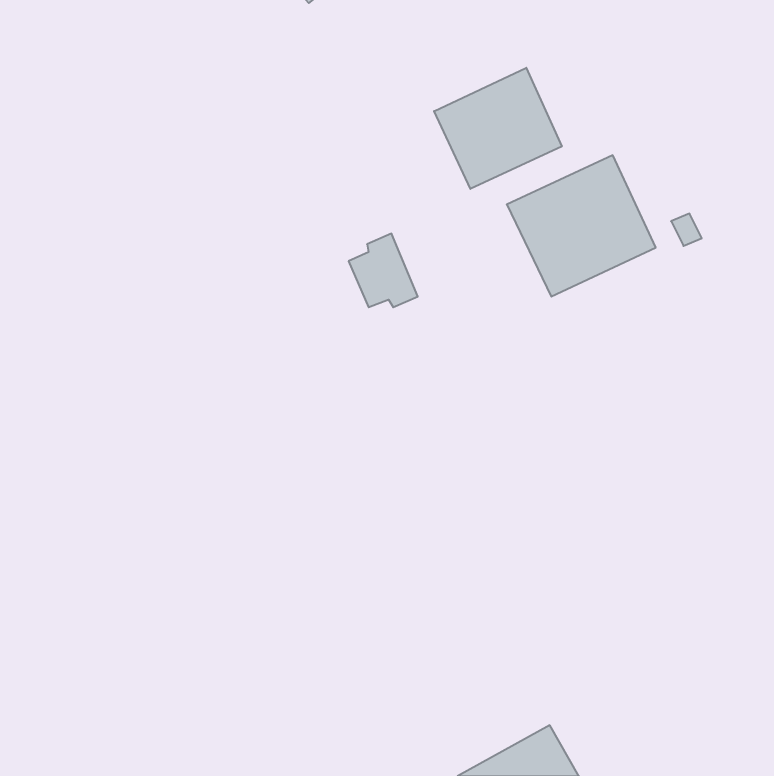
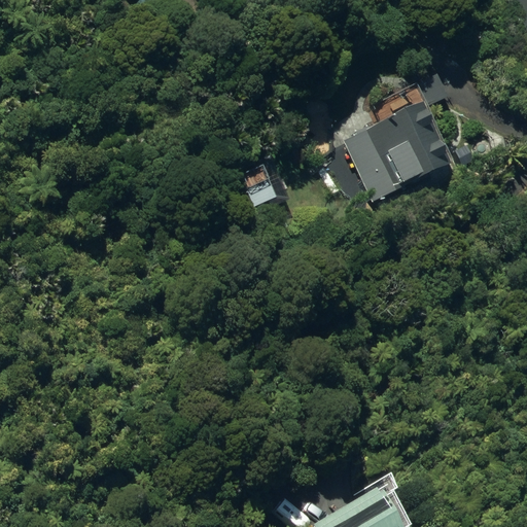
building: [434,68,562,189] -> none

